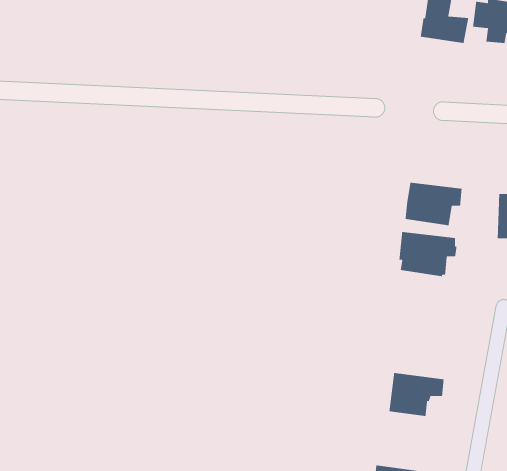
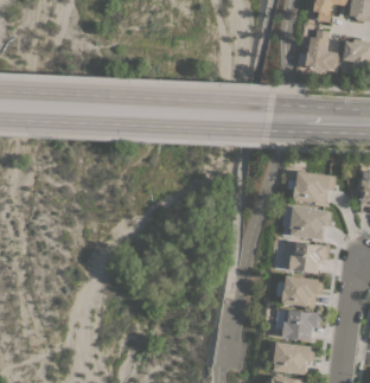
building: none -> [289,243,330,274]
building: none -> [282,275,324,308]
building: none -> [274,343,314,375]

